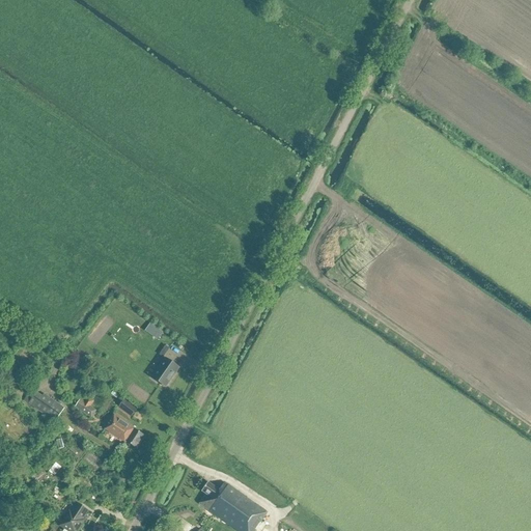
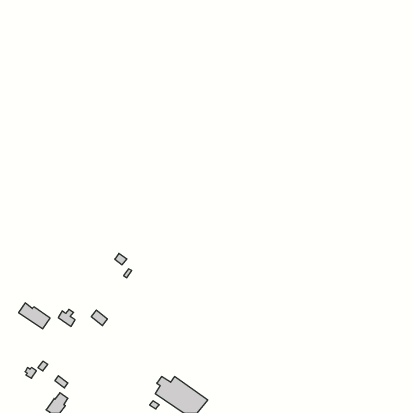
building: [151,358,178,387] -> none
building: [106,414,143,448] -> none

